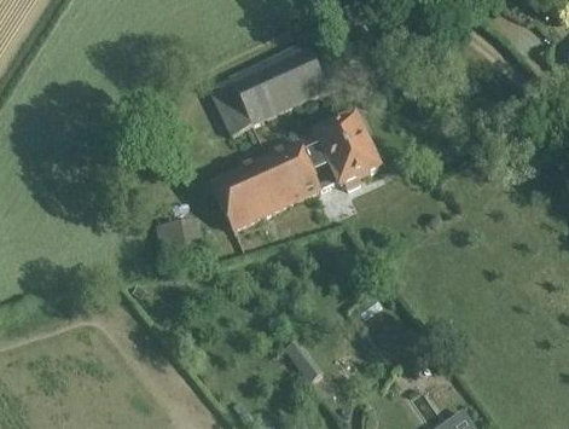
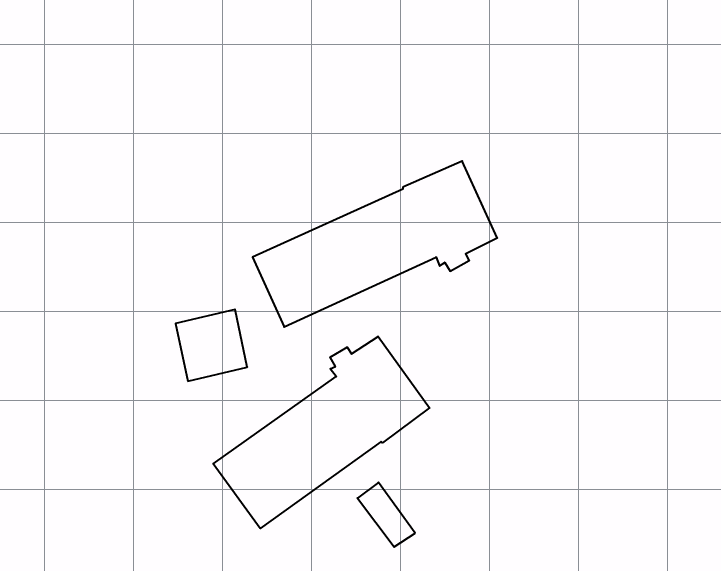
building: [213,40,332,133] -> none
building: none -> [213,336,430,528]

